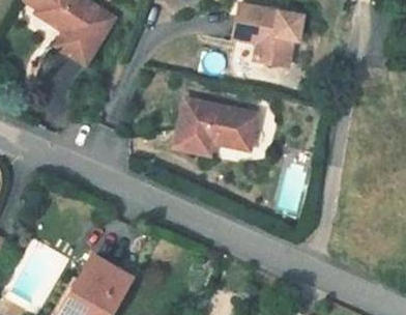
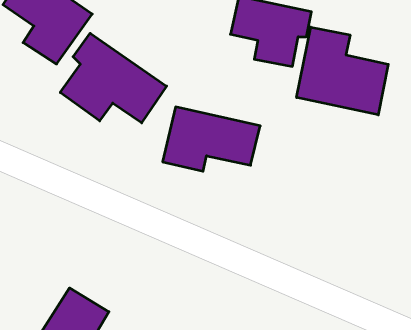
building: none -> [297,27,388,115]
building: none -> [60,33,167,123]

